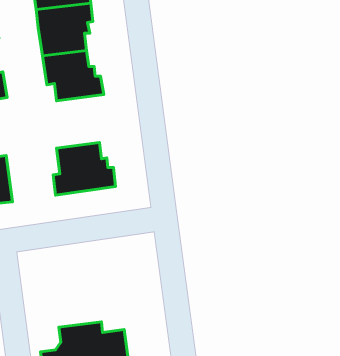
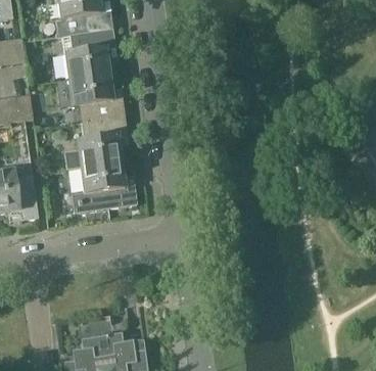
building: none -> [63,115,127,169]

